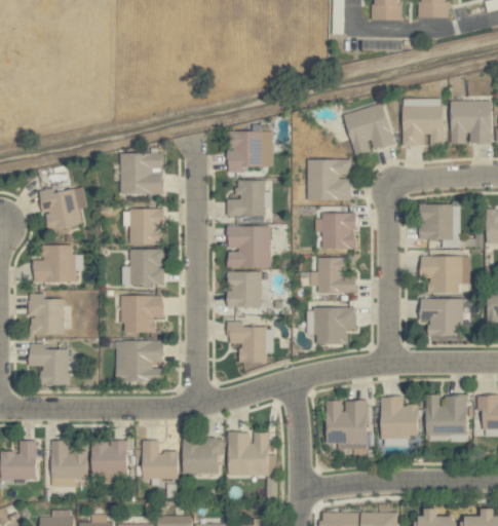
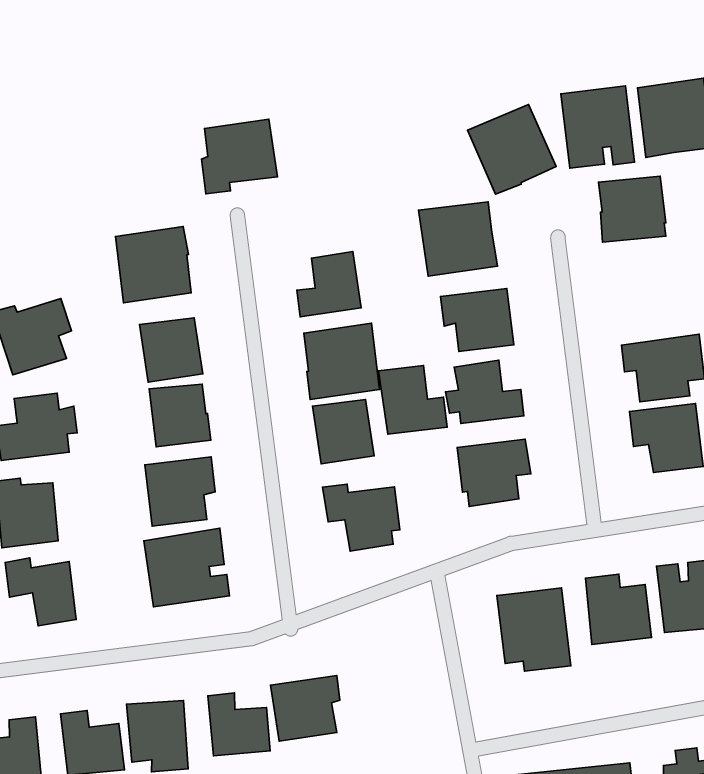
building: [228,130,273,172] -> [202,119,278,194]
building: [419,202,459,240] -> [599,176,666,242]
building: none -> [379,366,447,434]
building: [228,431,269,475] -> none

